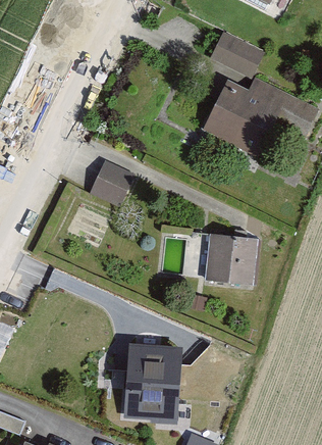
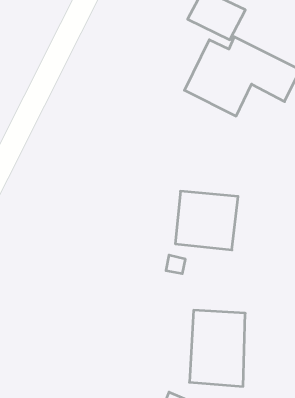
building: [88,163,132,209] -> none
building: [126,346,181,422] -> [189,310,245,386]

